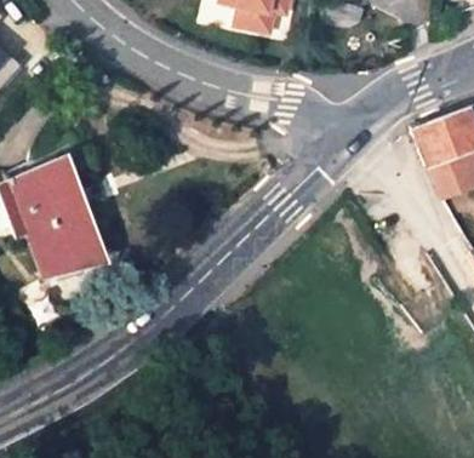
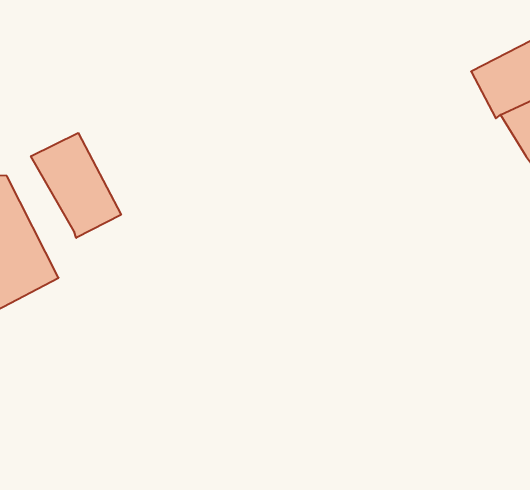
building: none -> [31,133,121,238]

